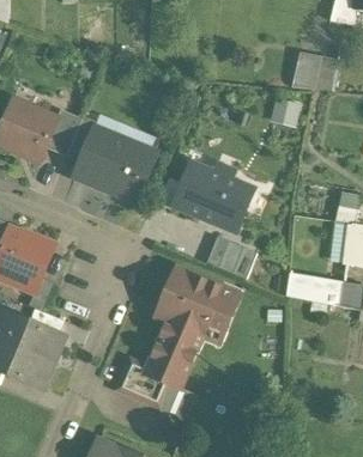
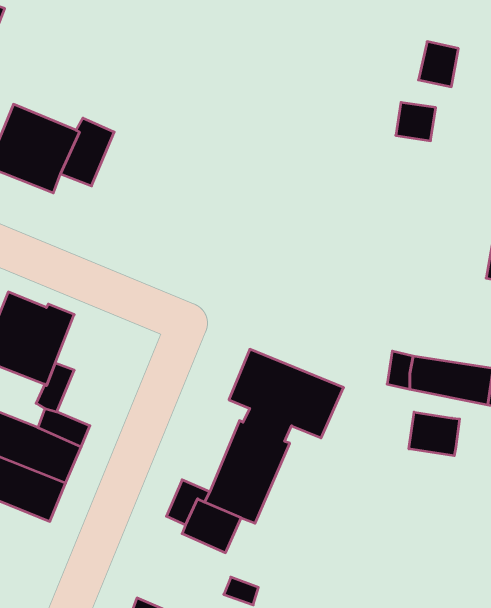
building: [75,126,157,200] -> none
building: [174,163,254,230] -> none
building: [207,234,258,278] -> none
building: none -> [409,412,460,456]

